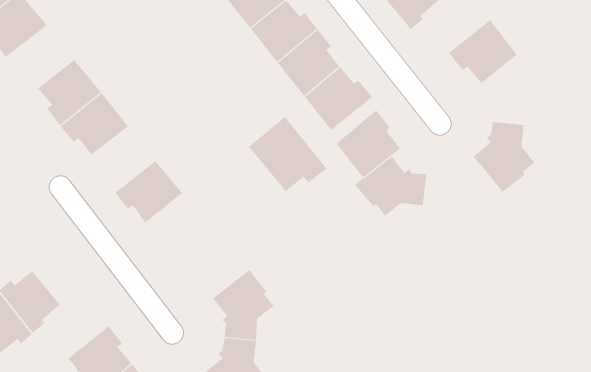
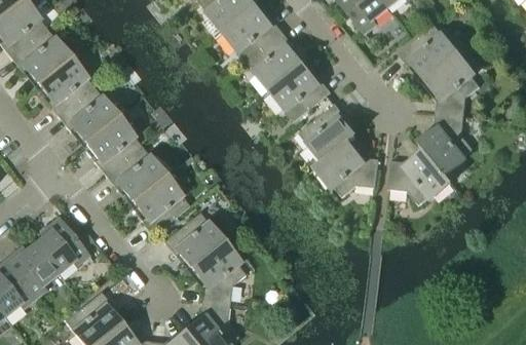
building: none -> [10,28,71,83]
building: none -> [426,53,480,115]
building: [248,116,327,192] -> none
building: none -> [85,116,142,175]
building: none -> [388,150,452,203]
building: none -> [133,175,190,234]
building: none -> [163,212,224,267]
building: none -> [34,217,92,272]

